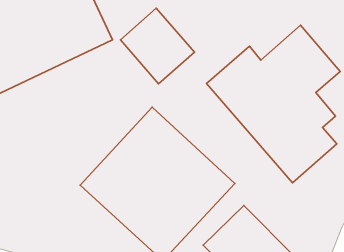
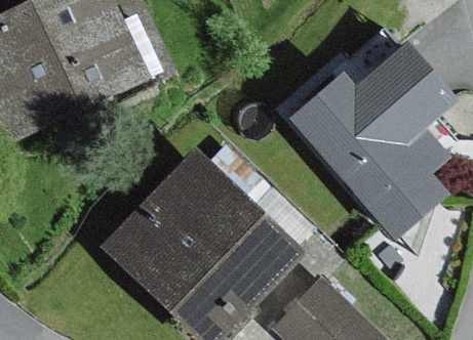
building: [120,8,194,84] -> none

